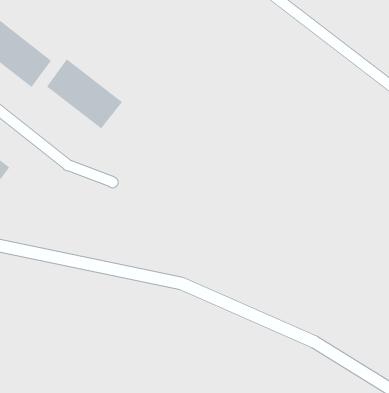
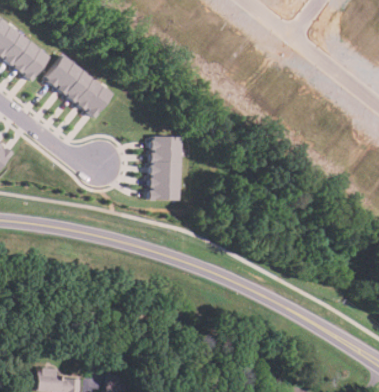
building: none -> [149,136,181,200]

